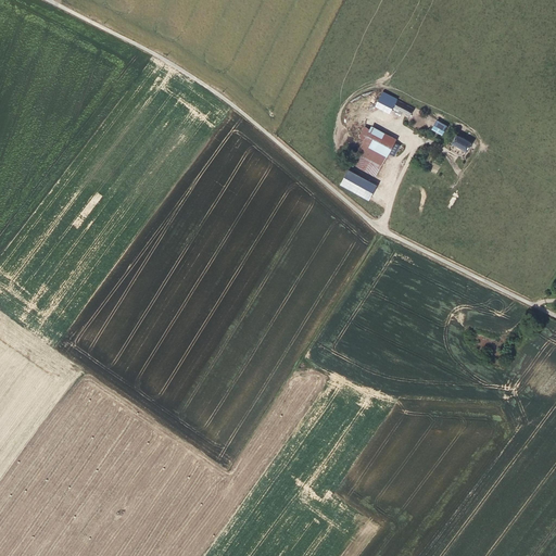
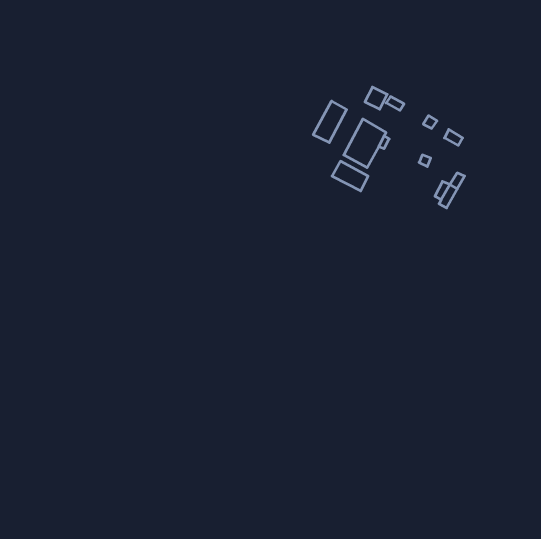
building: none -> [313,101,347,143]

